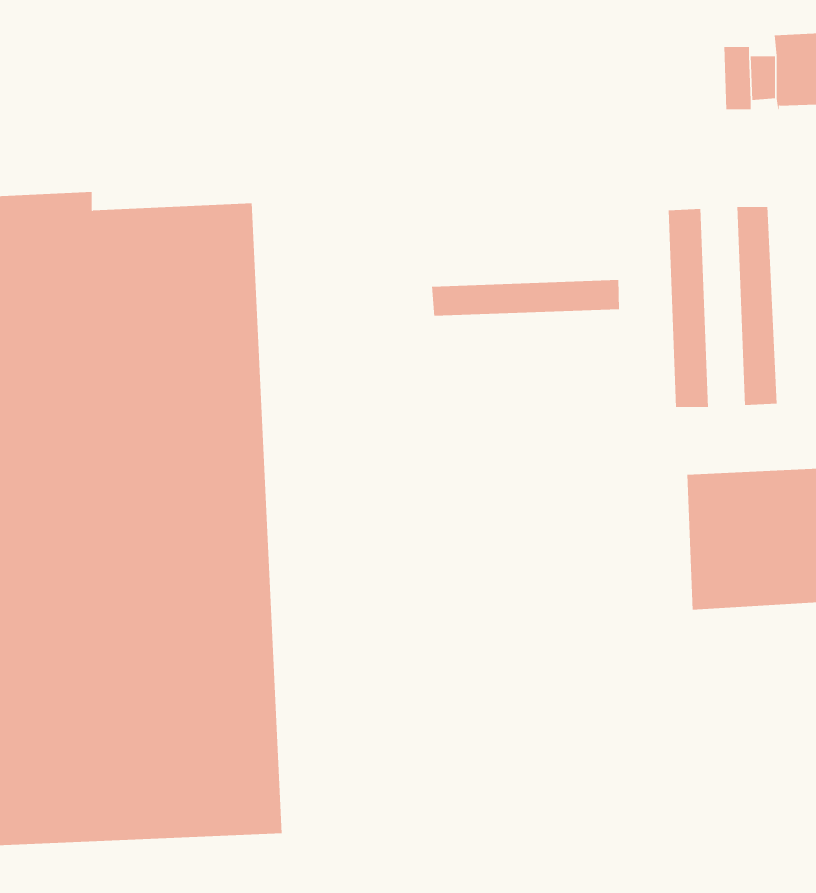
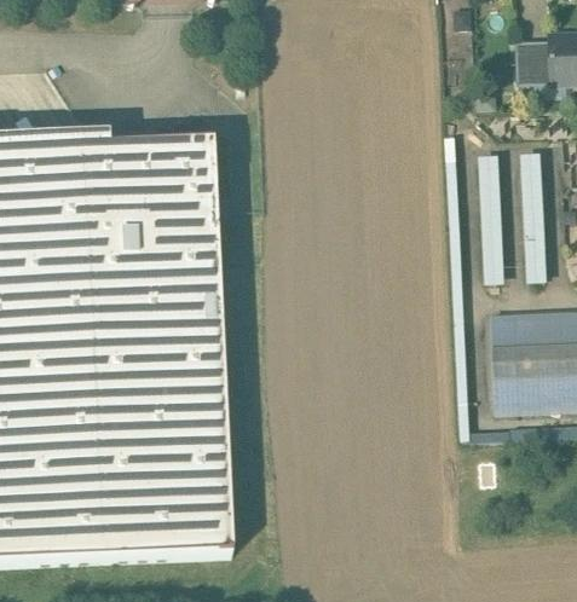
building: [432,279,619,317] -> none

